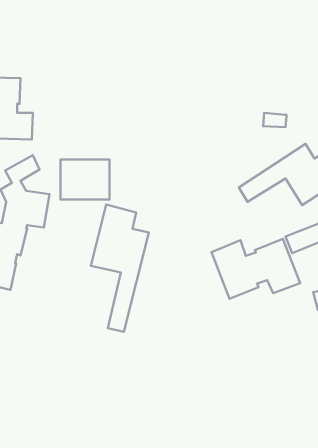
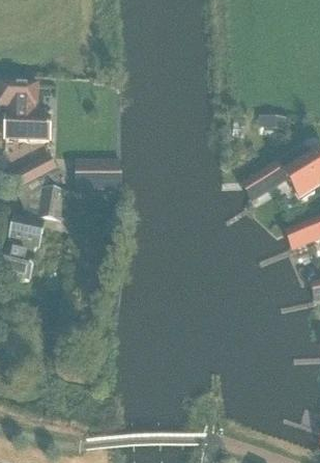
building: [91,205,149,332] -> none
building: [211,239,300,299] -> none

